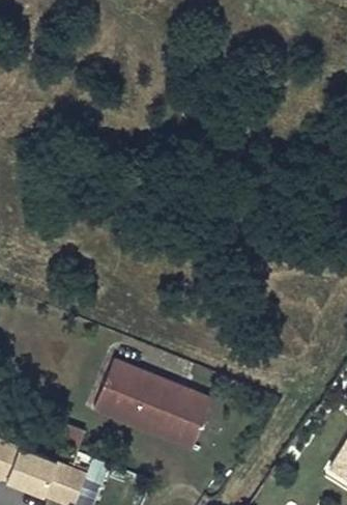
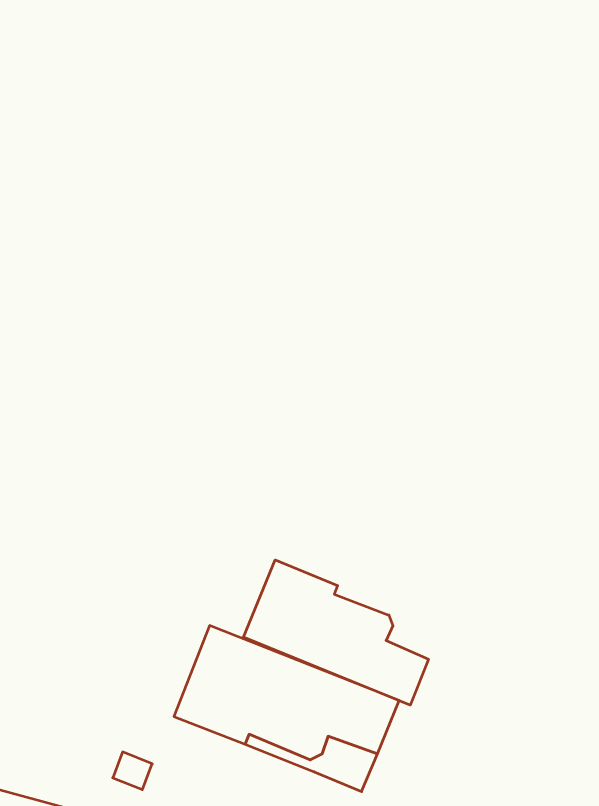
building: none -> [243,560,428,705]

